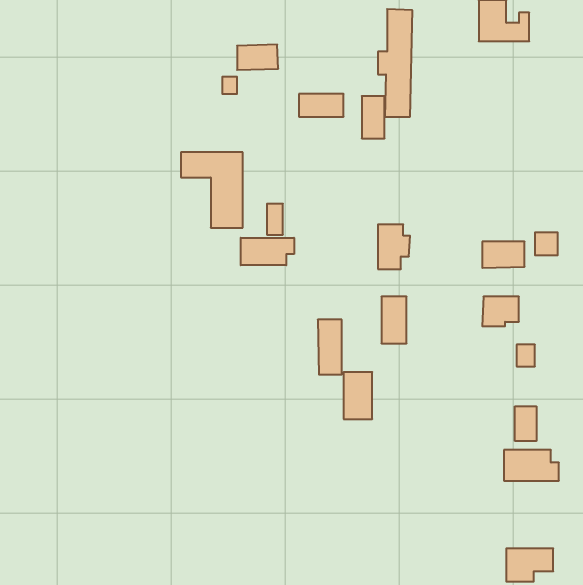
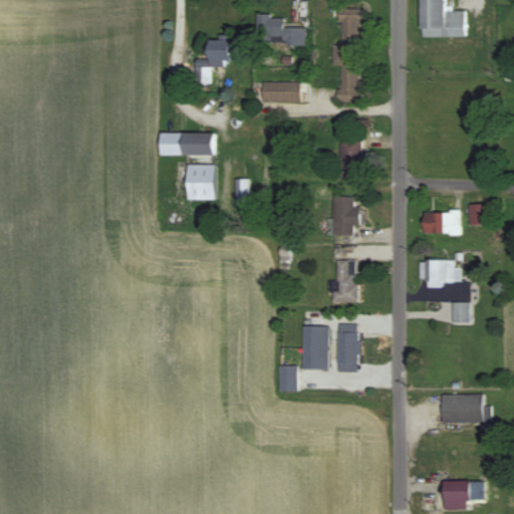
building: none -> [257,16,299,45]
building: [362,96,385,138] -> [339,140,359,177]
building: [241,238,294,265] -> none
building: [318,320,342,375] -> [336,323,357,371]
building: [515,406,536,441] -> none
building: none -> [278,365,295,391]

